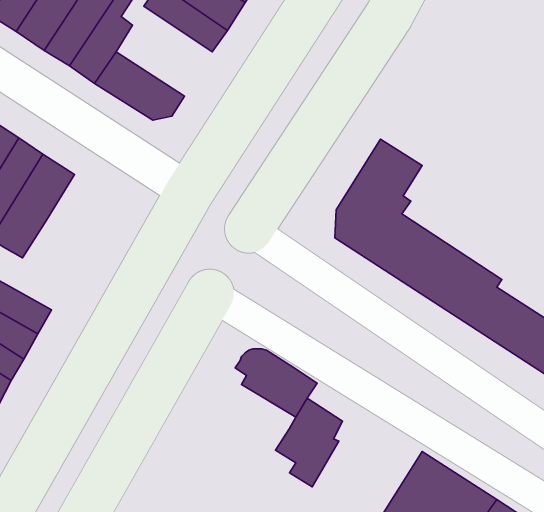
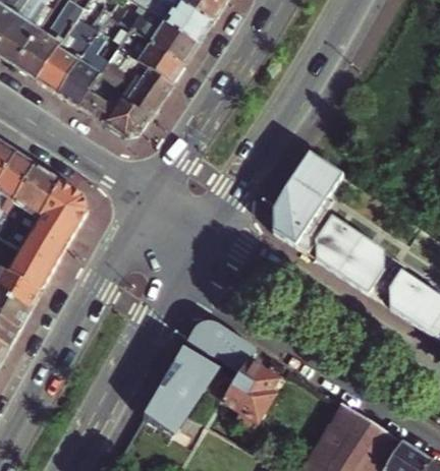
building: none -> [95,44,174,116]
building: none -> [6,179,89,288]
building: none -> [144,346,234,434]

